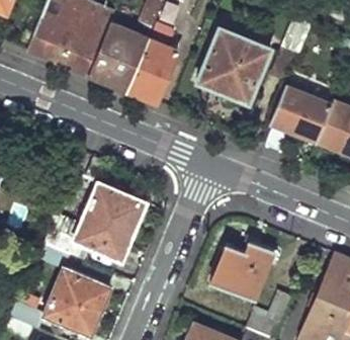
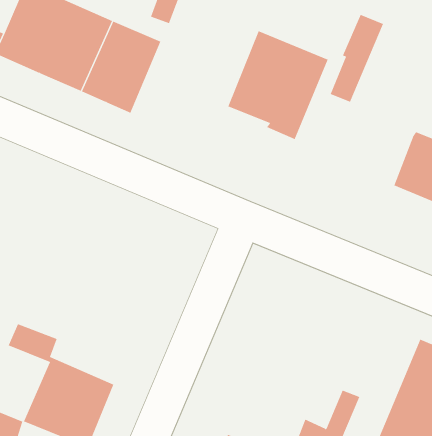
building: [124,36,176,101] -> none
building: [270,87,331,142] -> none
building: [41,183,146,260] -> none
building: [213,242,275,300] -> none

